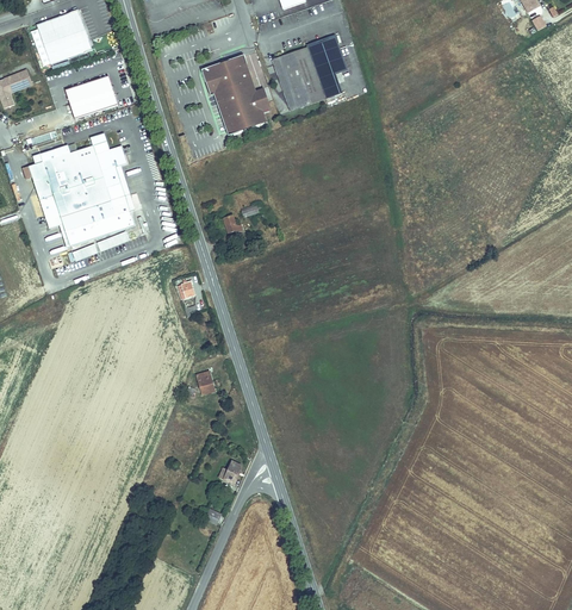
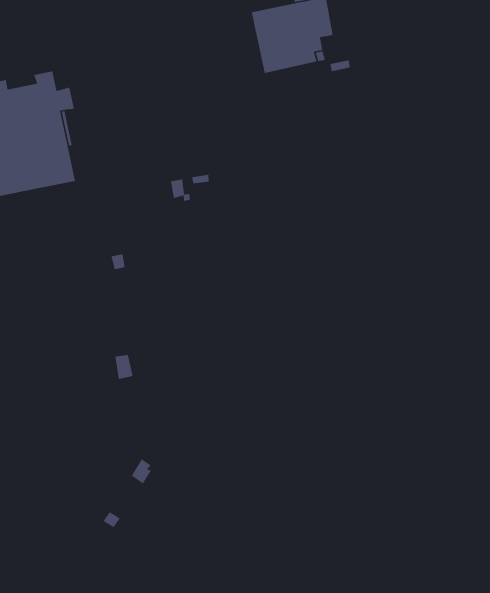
building: [205,60,268,125] -> none
building: [64,75,117,118] -> none

